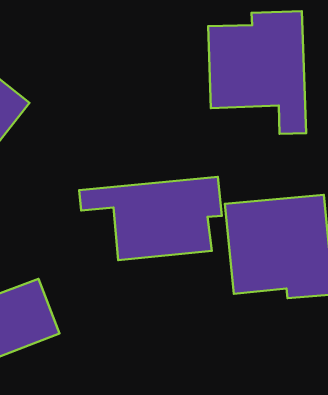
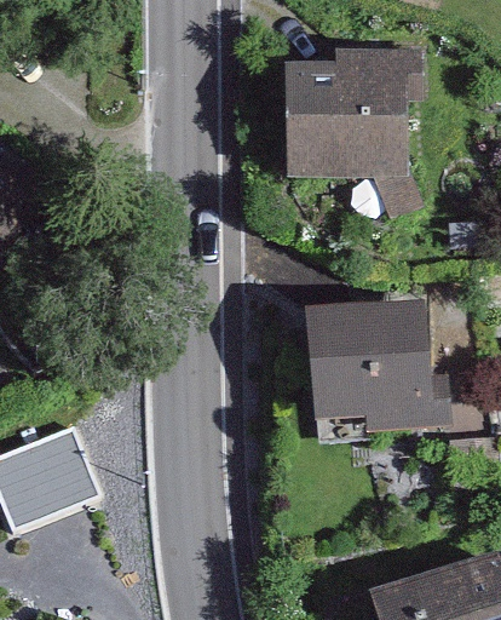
building: [79,177,222,260] -> none

